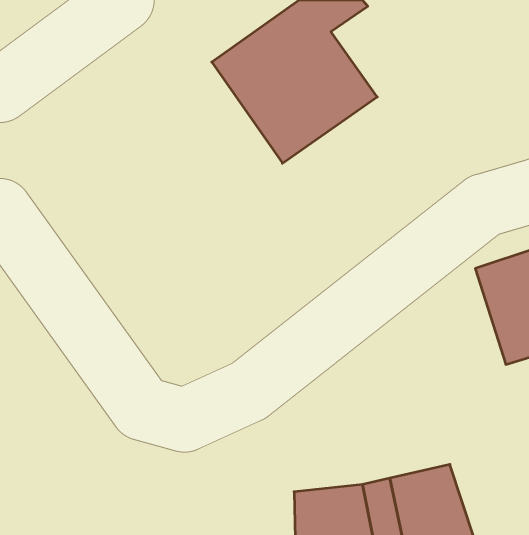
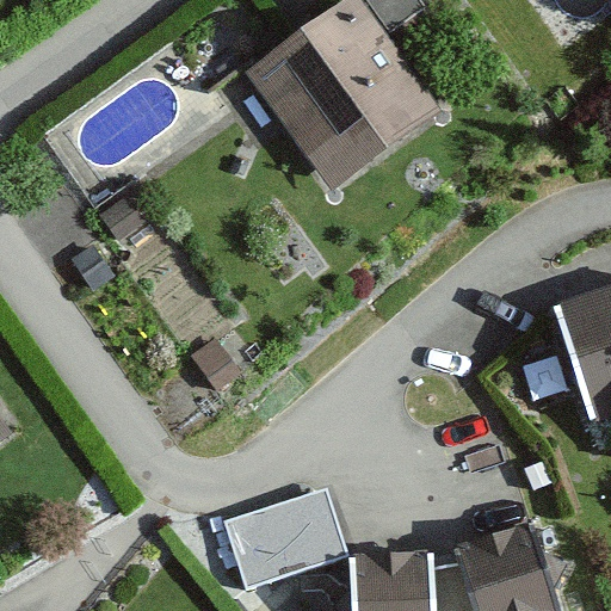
building: none -> [233,481,359,581]

